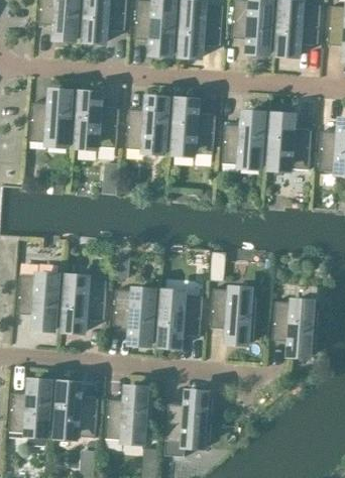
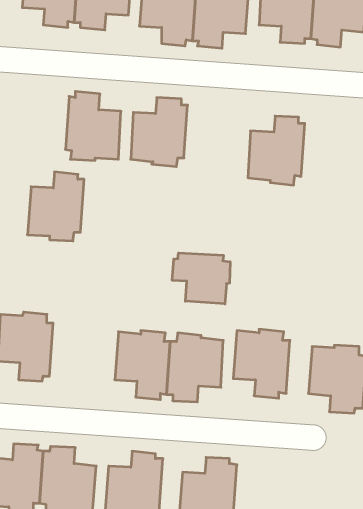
building: [29,90,76,146] -> [27,172,84,241]
building: [169,99,215,155] -> none
building: [265,114,311,170] -> none
building: none -> [172,253,230,304]
building: [60,274,106,331] -> none

